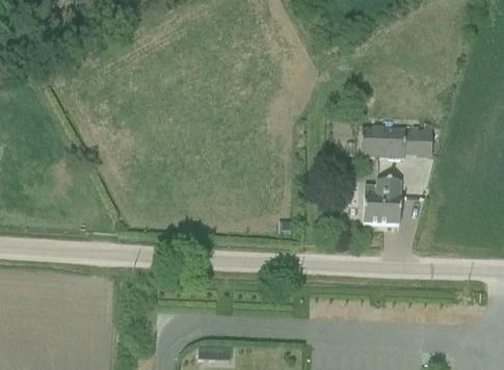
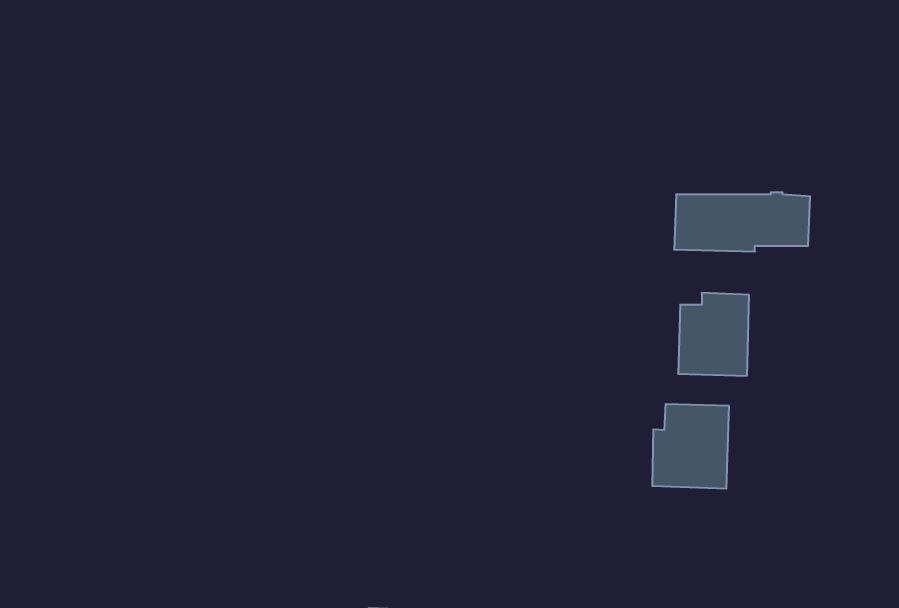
building: none -> [653,404,729,489]

